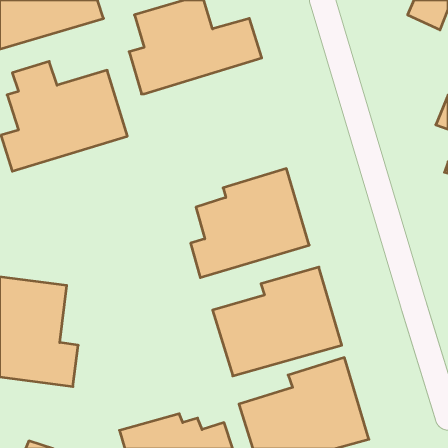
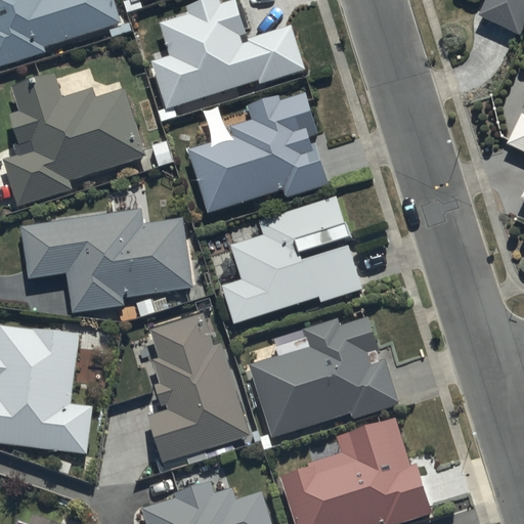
building: none -> [188,89,329,215]
building: none -> [18,209,194,312]
building: none -> [145,311,247,461]

